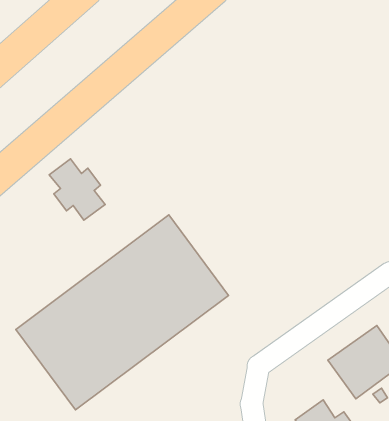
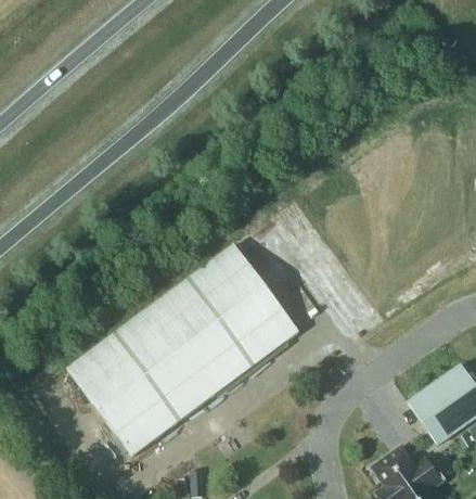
building: [49,159,105,220] -> none

